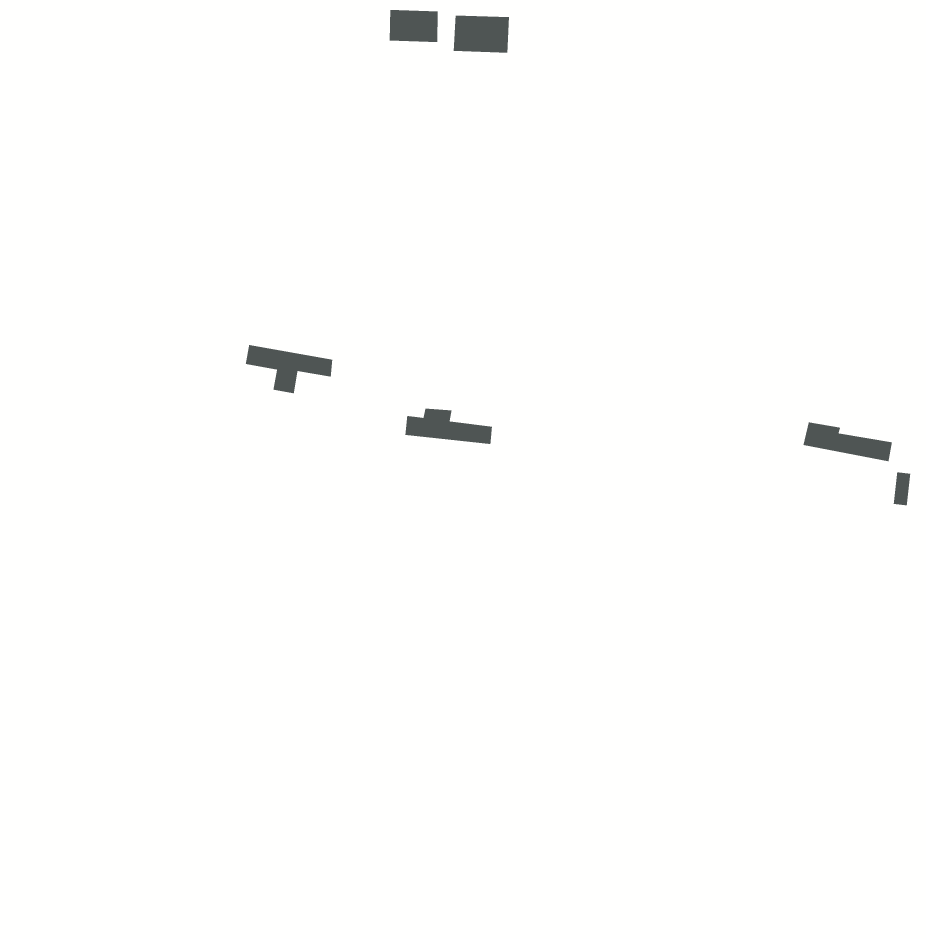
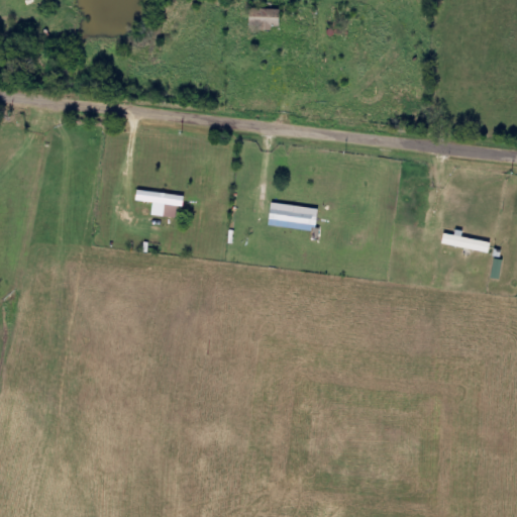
building: [389,9,439,43] -> none
building: [405,408,493,445] -> [268,205,316,225]

